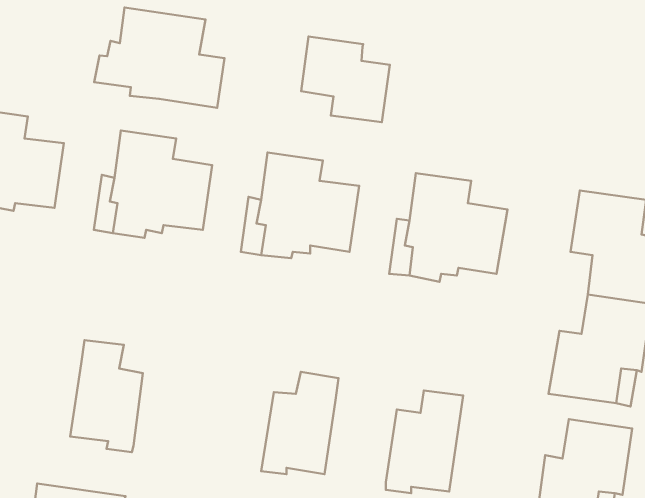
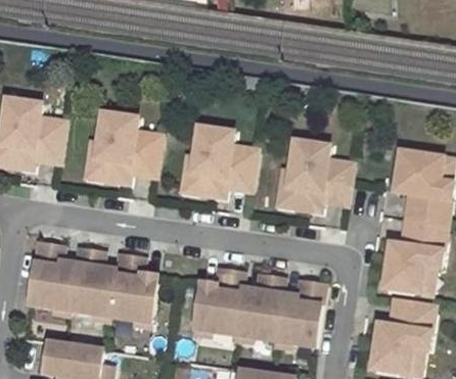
building: [94,8,224,108] -> none
building: [301,36,390,122] -> none
building: none -> [30,243,78,316]
building: none -> [111,255,158,328]
building: none -> [234,276,285,342]

